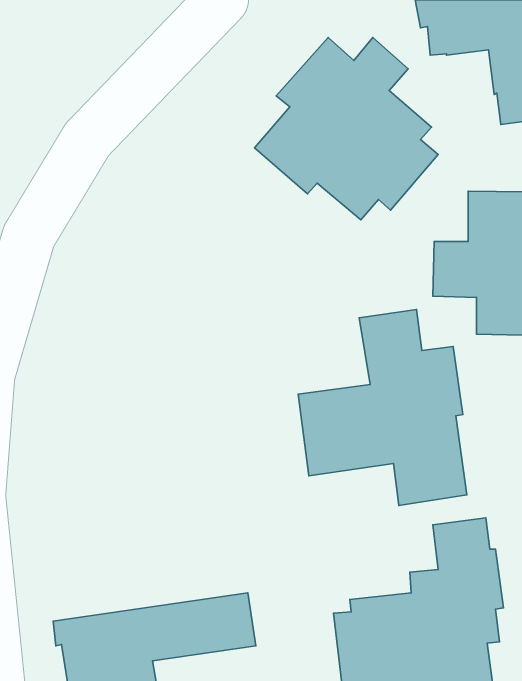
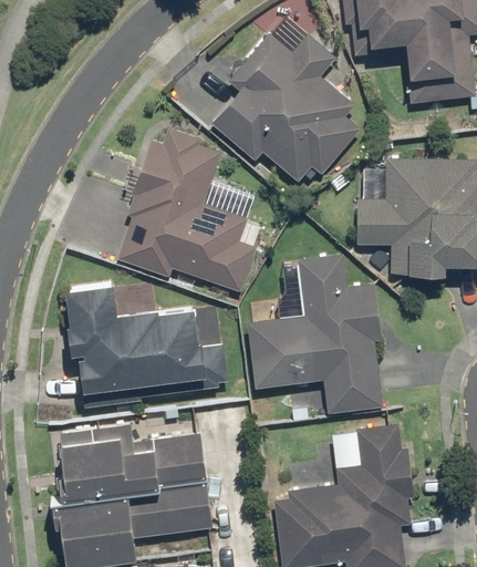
building: none -> [117,128,257,292]
building: none -> [62,286,230,409]
building: none -> [53,426,206,502]

